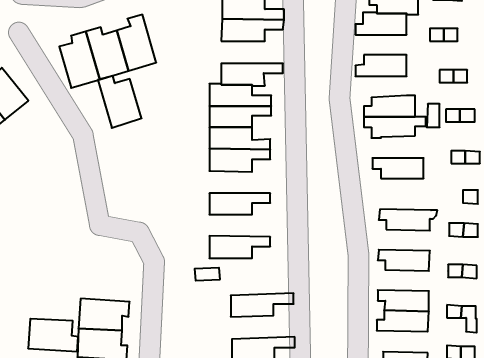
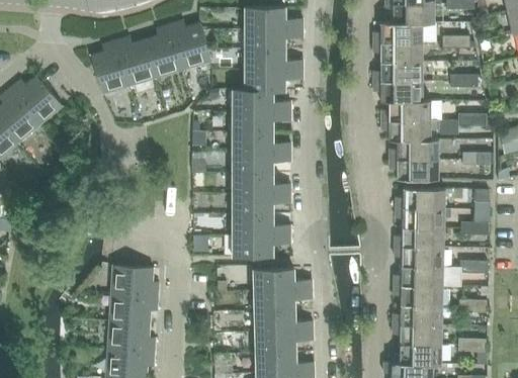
building: none -> [372,43,421,63]
building: none -> [245,50,304,71]
building: [98,76,142,128] -> [170,20,211,70]
building: none -> [372,83,421,103]
building: none -> [388,139,437,161]
building: none -> [234,173,291,194]
building: none -> [396,189,444,210]
building: none -> [234,214,291,235]
building: none -> [395,228,443,249]
building: none -> [394,267,442,287]
building: none -> [253,268,314,291]
building: none -> [254,310,315,333]
building: [28,319,78,352] -> [111,266,159,297]
building: none -> [393,324,441,346]

